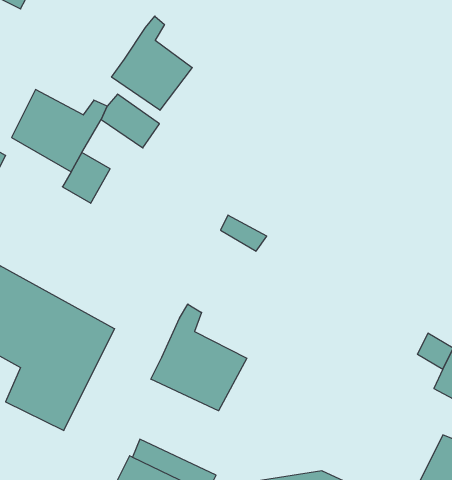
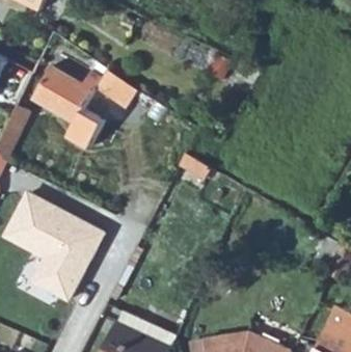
building: [112,16,192,110] -> none
building: [151,304,247,411] -> none

